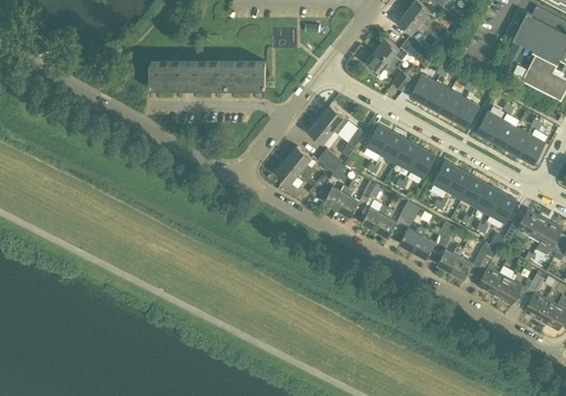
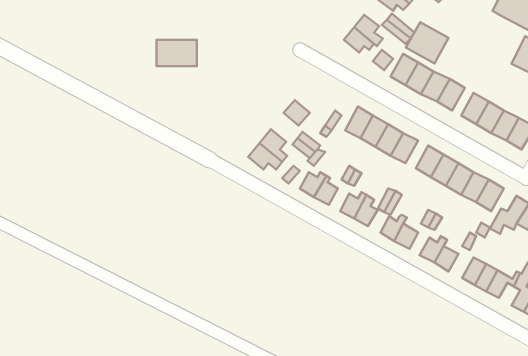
building: none -> [406,22,449,63]
building: [150,62,189,88] -> none
building: [227,62,266,87] -> none
building: [319,104,354,138] -> none

